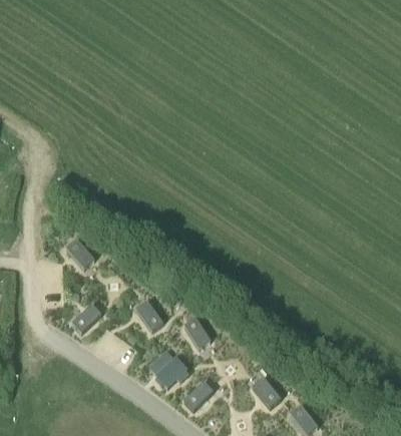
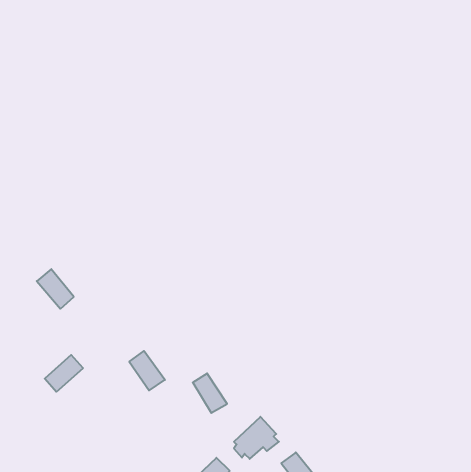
building: [154,356,188,388] -> [234,417,279,459]

